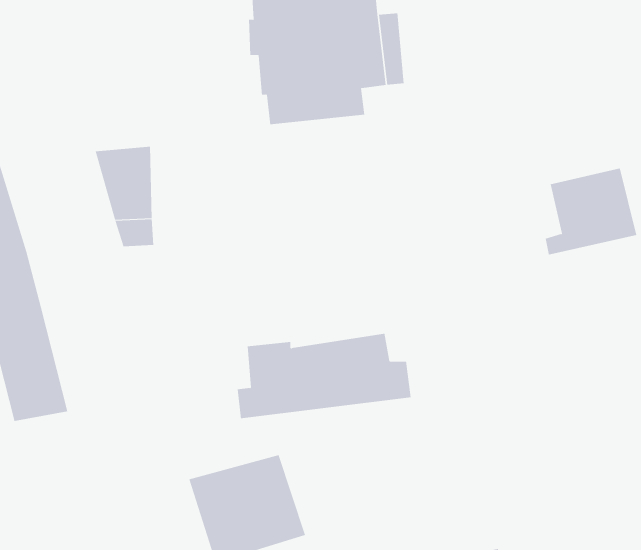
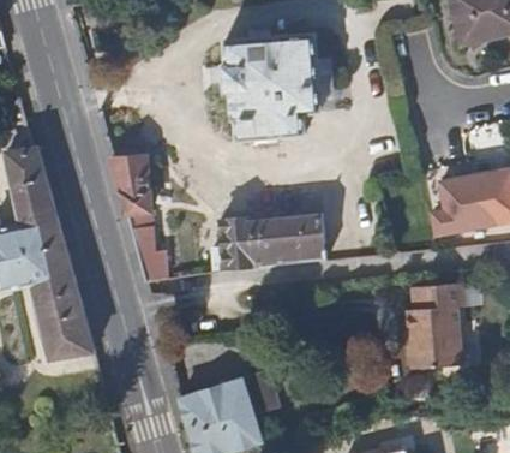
building: none -> [130,227,167,279]
building: none -> [403,279,462,365]
building: [237,333,412,419] -> [210,209,337,272]

